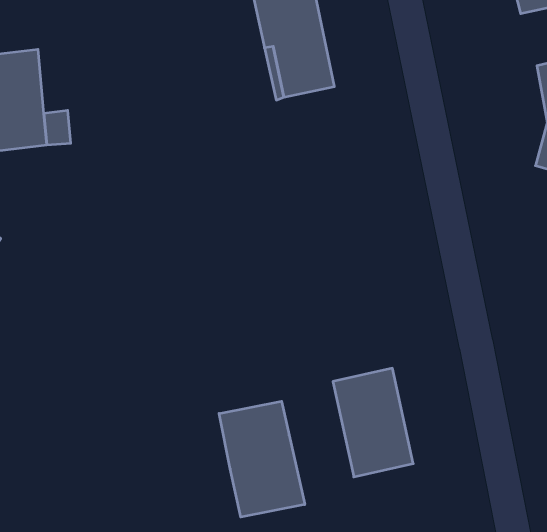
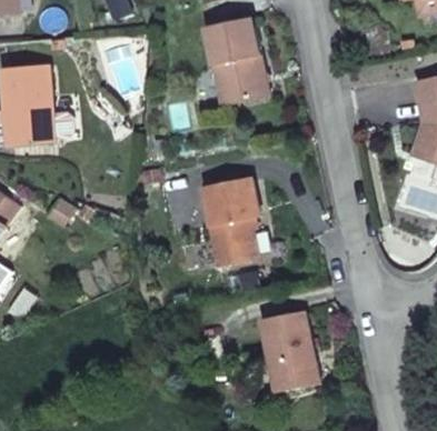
building: none -> [205,173,260,259]
building: [219,401,305,517] -> none

